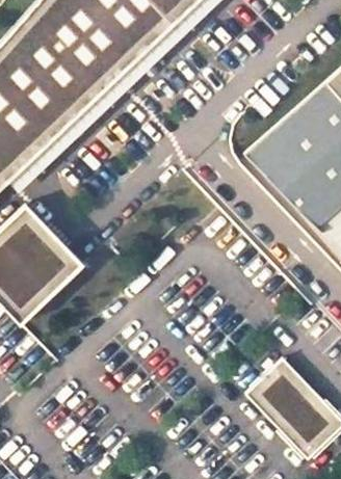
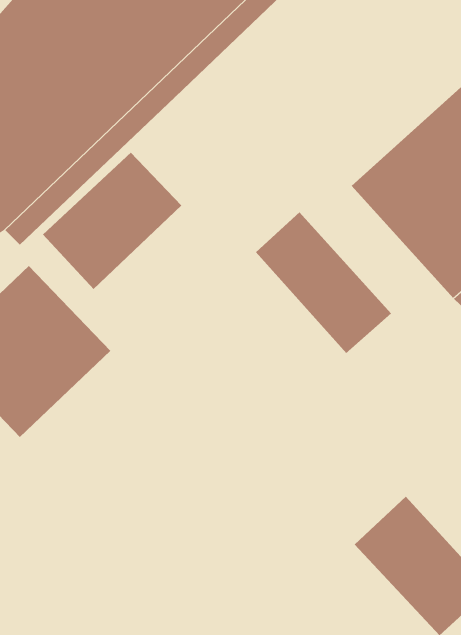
building: none -> [42,152,182,290]
building: none -> [255,211,392,354]

